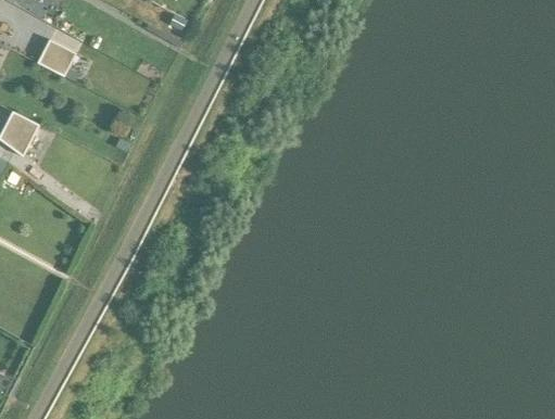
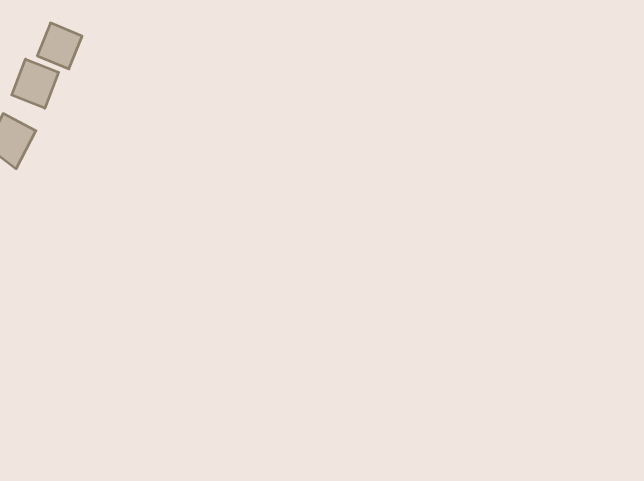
building: none -> [12,59,59,108]

